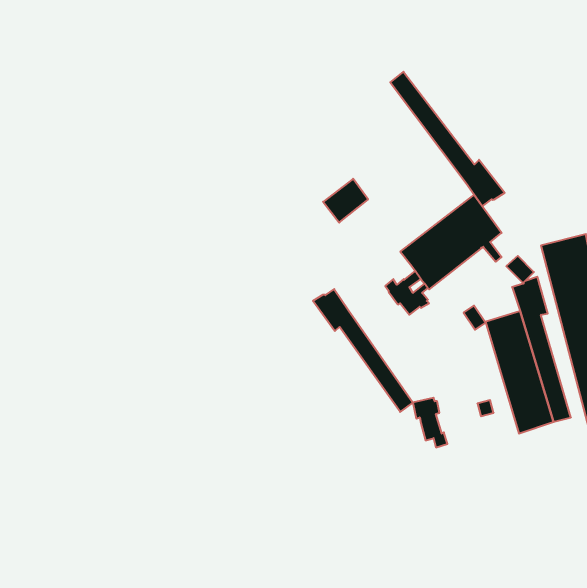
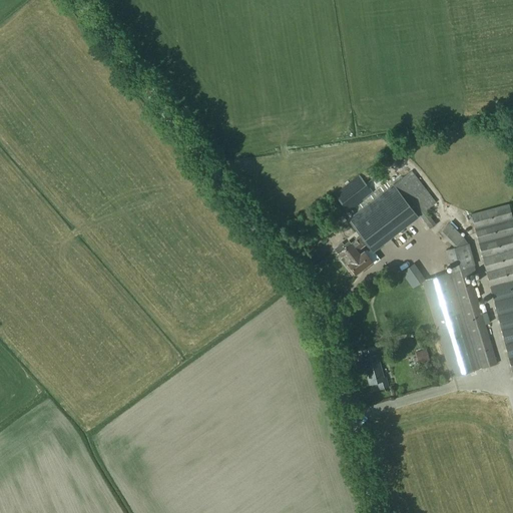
building: [390,72,505,206] -> none
building: [323,179,368,223] -> [336,174,375,212]
building: [313,289,413,412] -> none

